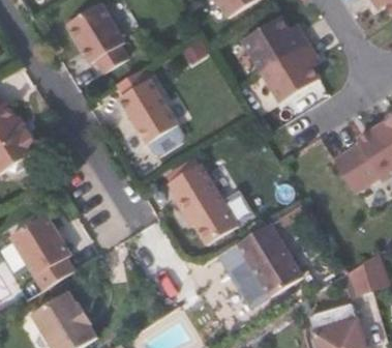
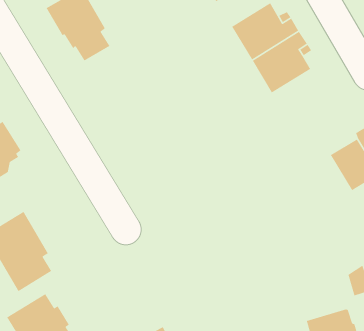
building: [117,67,176,141] -> none
building: [169,163,238,243] -> none
building: [236,222,302,297] -> none

